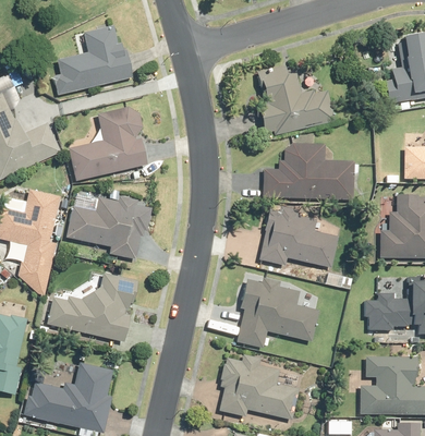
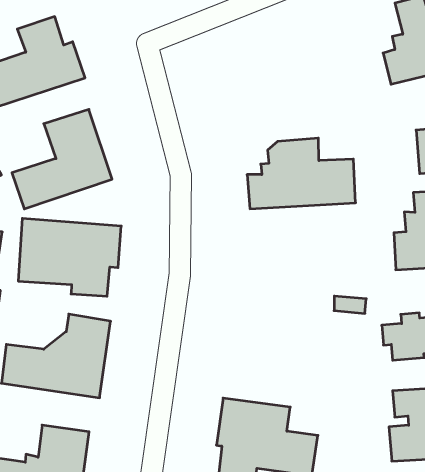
building: [254,68,339,135] -> none
building: [258,205,337,267] -> none
building: [236,275,318,348] -> none

